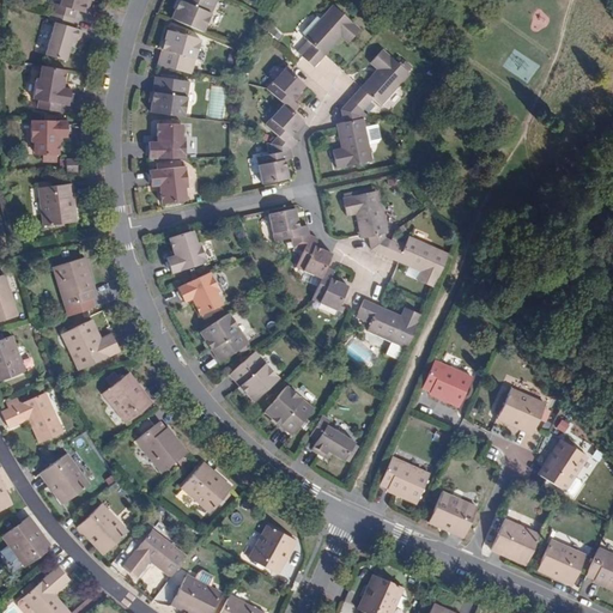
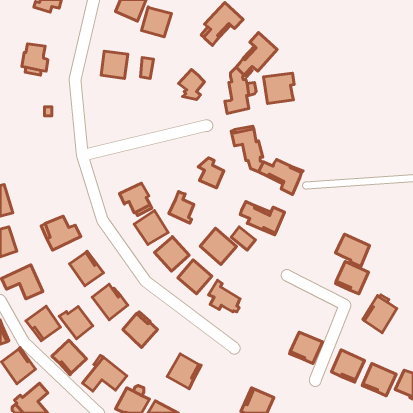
building: [44,11,83,60] -> none
building: [157,29,201,73] -> [142,7,172,37]
building: [266,67,305,111] -> none
building: none -> [264,73,294,103]
building: [31,119,68,154] -> none
building: [148,122,186,157] -> none
building: [257,142,292,183] -> none
building: [148,165,188,202] -> none
building: [37,183,75,224] -> none
building: [268,208,309,247] -> none
building: [166,229,207,272] -> none
building: [53,256,95,305] -> none
building: [311,266,348,312] -> [169,191,194,223]
building: none -> [200,228,236,264]
building: [421,359,472,407] -> [336,234,370,267]
building: none -> [59,307,93,339]
building: [380,456,431,504] -> none

